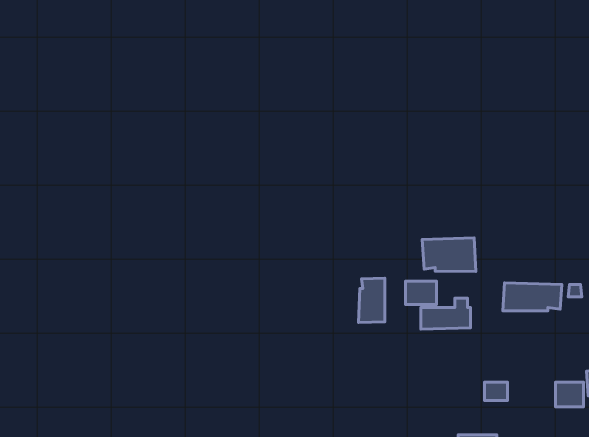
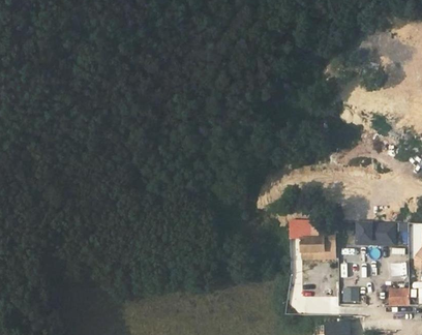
building: [422,238,476,271] -> none
building: [359,278,385,323] -> none

